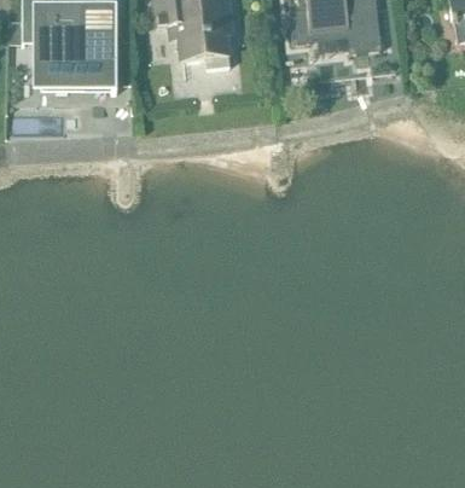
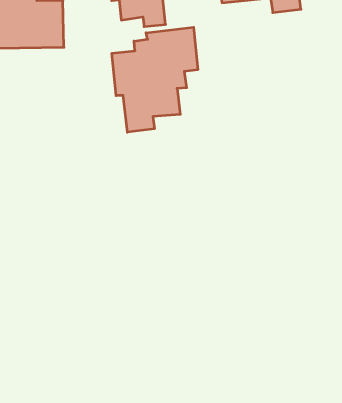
building: none -> [112,27,198,132]

